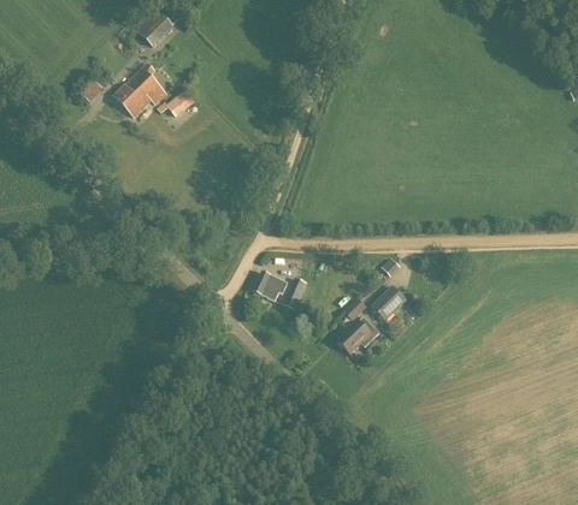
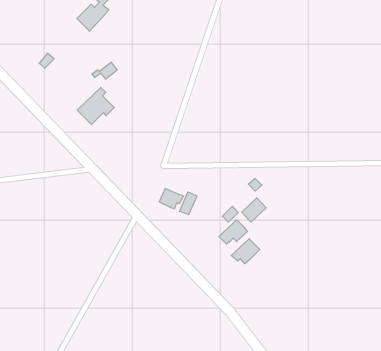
building: [114,63,167,115] -> [77,87,114,124]
building: none -> [231,239,260,264]

